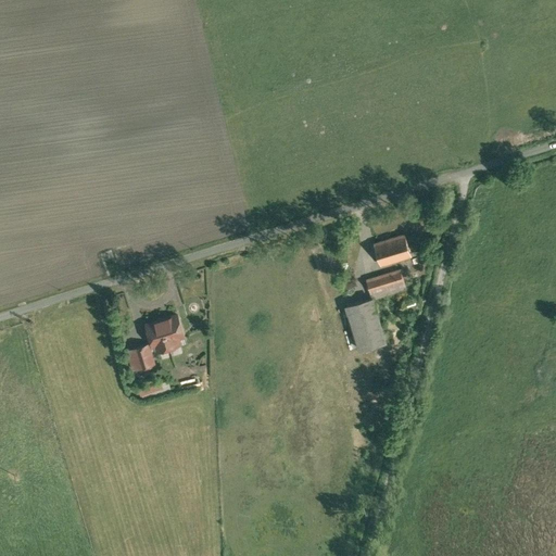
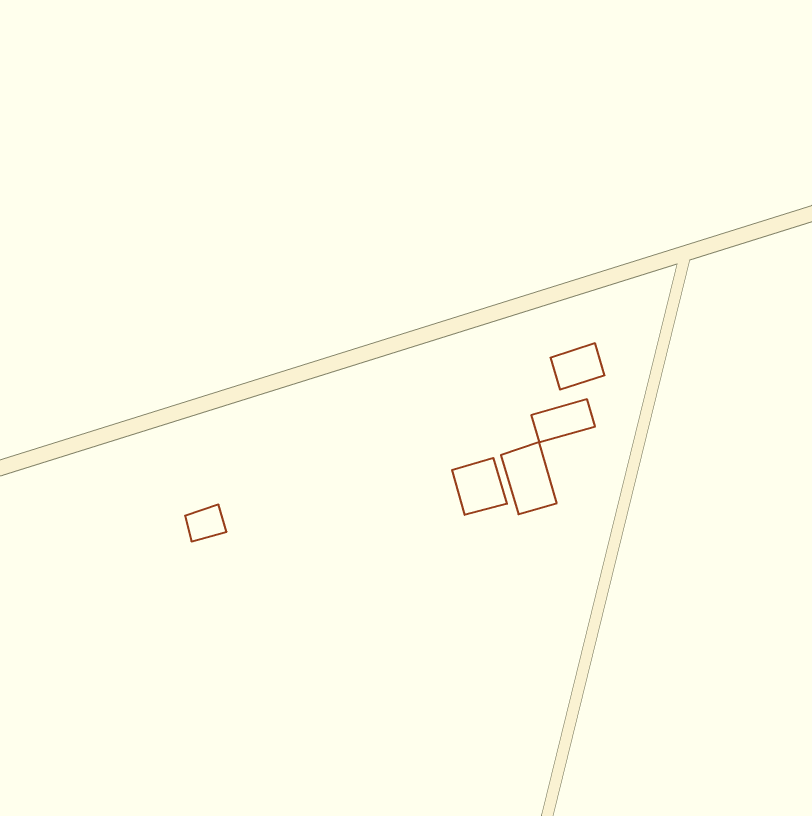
building: none -> [452,458,507,515]
building: [149,314,186,350] -> none

